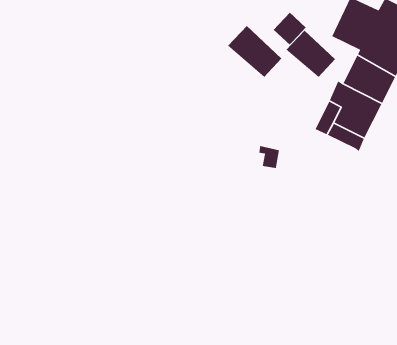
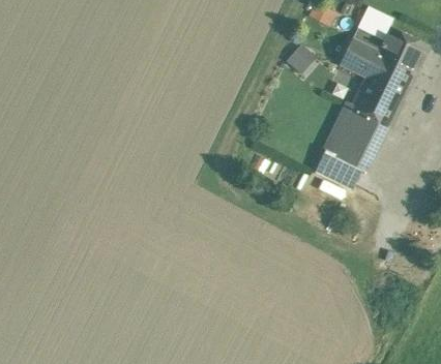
building: [227,25,282,78] -> none
building: [286,30,336,78] -> none
building: none -> [313,151,359,189]

